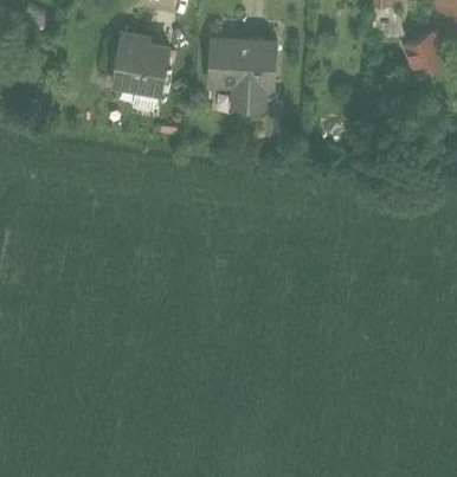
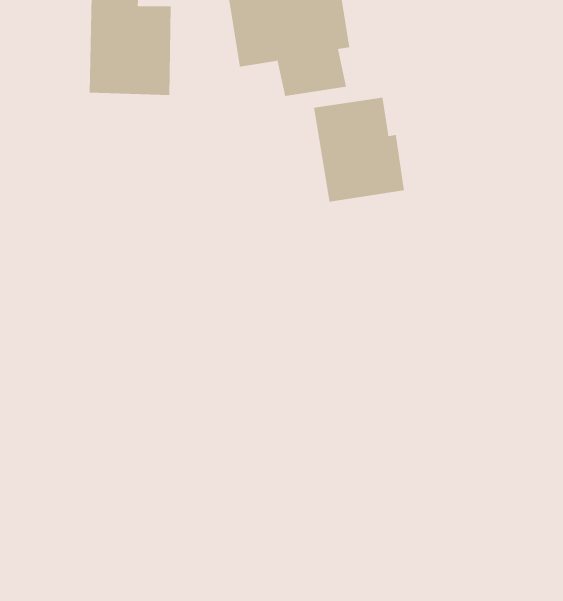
building: none -> [313,97,404,203]

